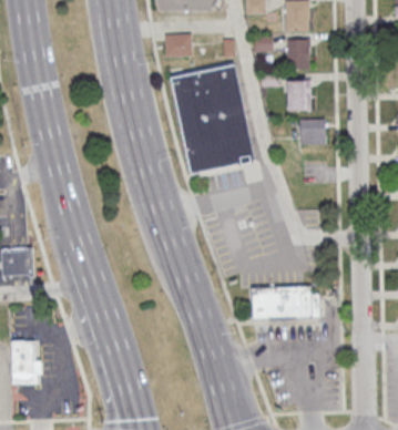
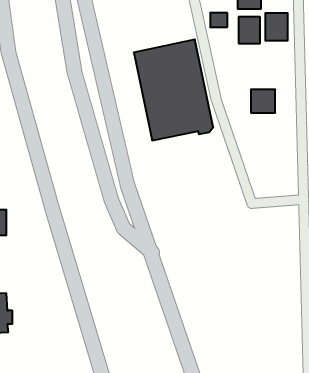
building: [164,34,193,57] -> none
building: [286,80,310,110] -> [265,13,288,41]
building: [254,288,319,320] -> none

